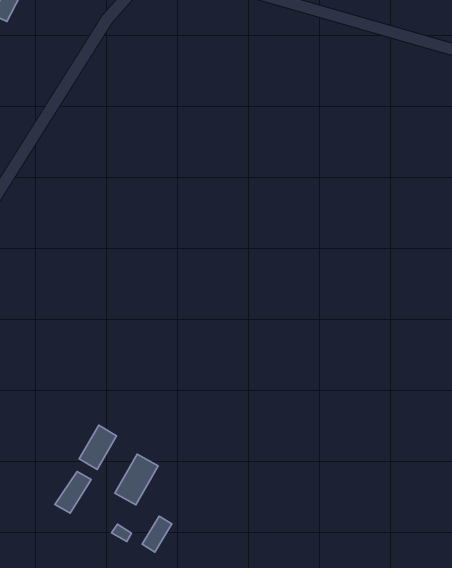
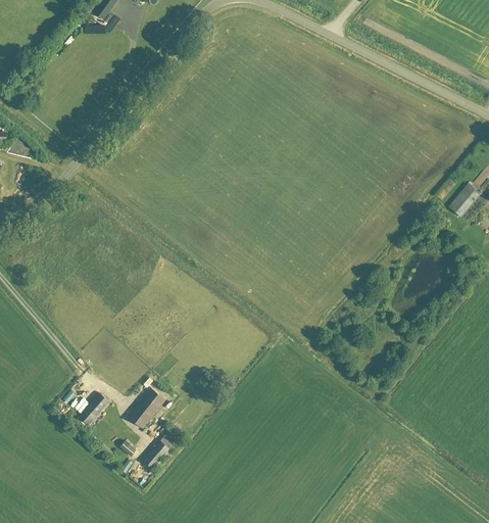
building: [79,425,117,470] -> none

